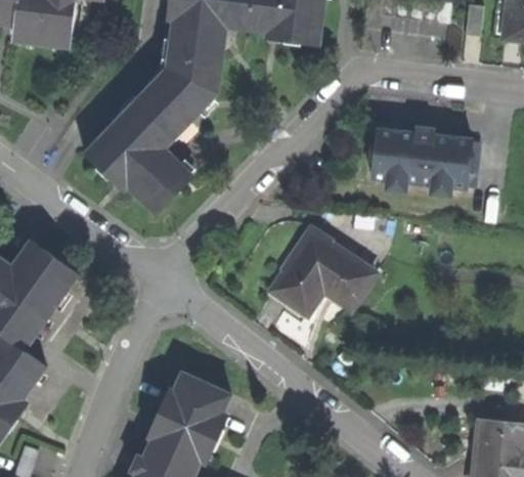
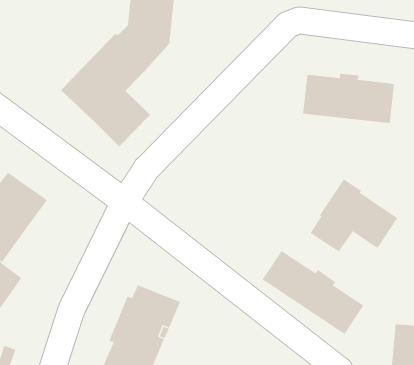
building: [272,227,375,313] -> [310,178,398,252]
building: none -> [262,250,364,335]

